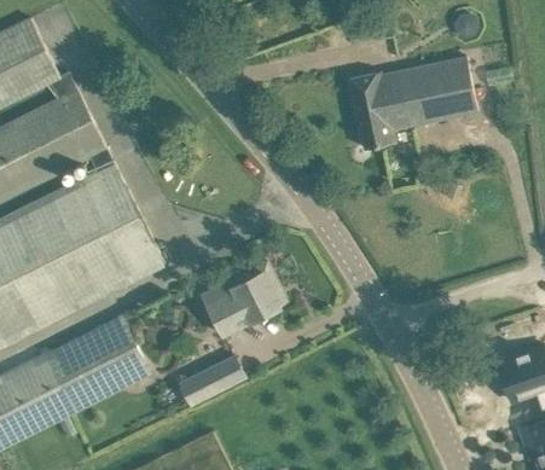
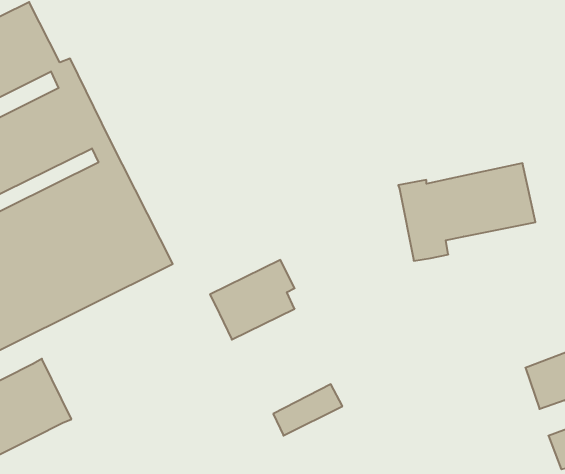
building: [348,58,477,150] -> [398,163,535,261]
building: [41,315,149,412] -> none
building: [179,358,244,406] -> [273,384,342,436]

